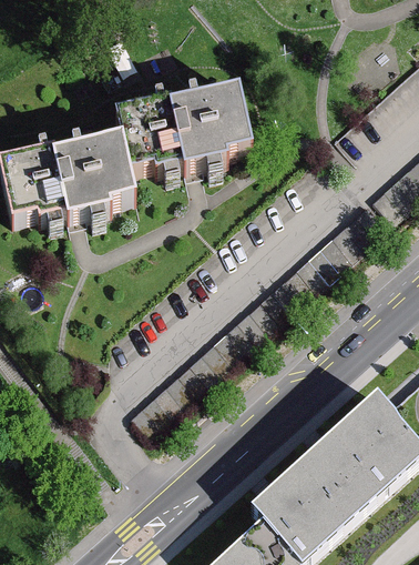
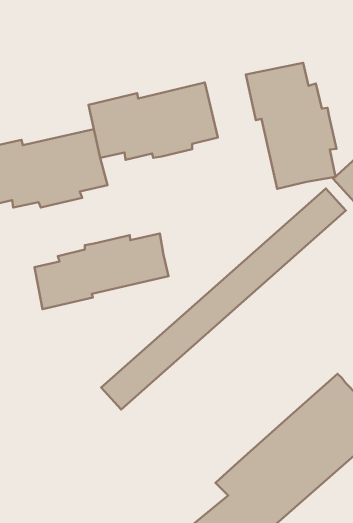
building: none -> [246,63,337,189]
building: none -> [34,234,168,309]

